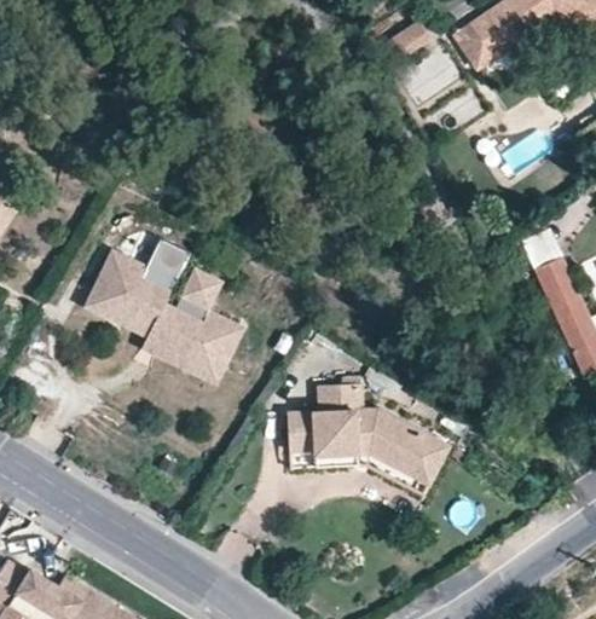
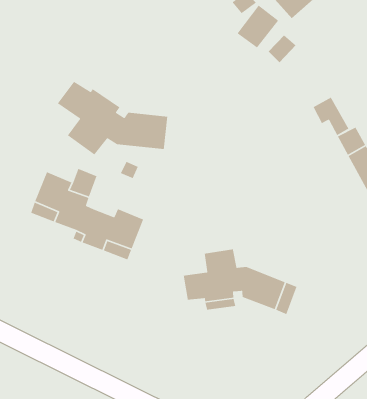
building: none -> [57,81,168,155]
building: none -> [312,97,349,136]
building: [173,268,221,322] -> none

